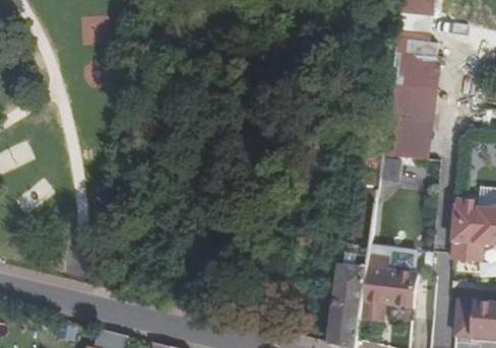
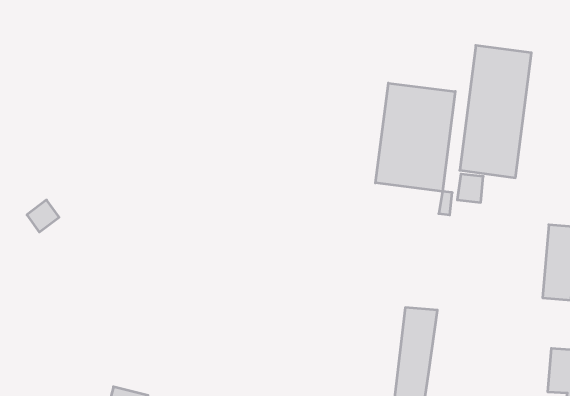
building: none -> [375,83,455,191]
building: [358,256,415,321] -> none

